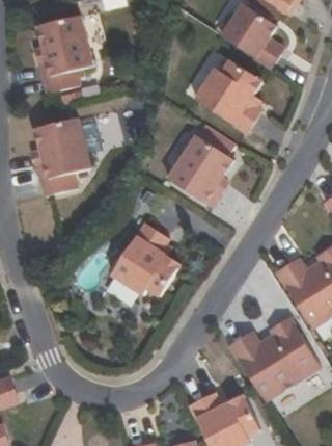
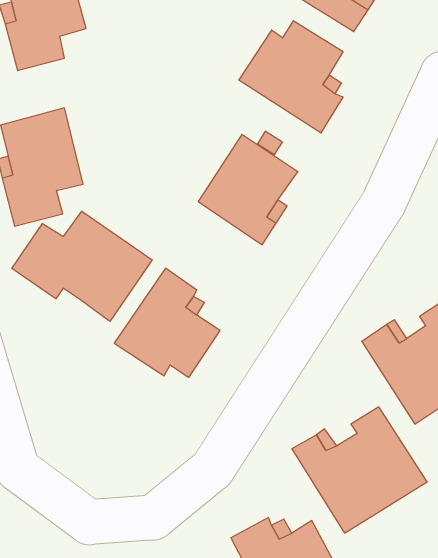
building: none -> [12,211,152,321]

